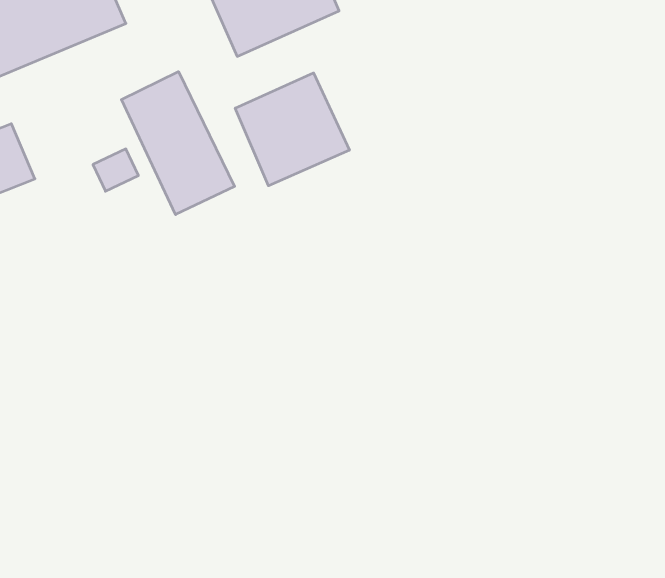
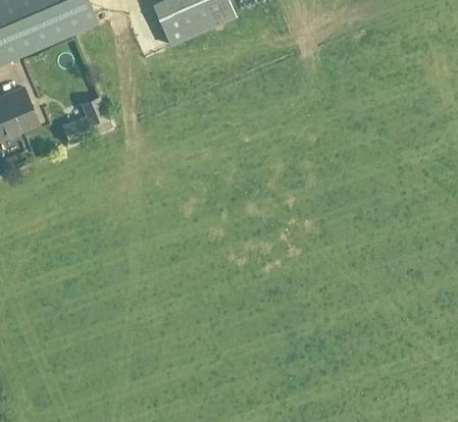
building: [121,72,235,215] -> none
building: [235,73,349,186] -> none

